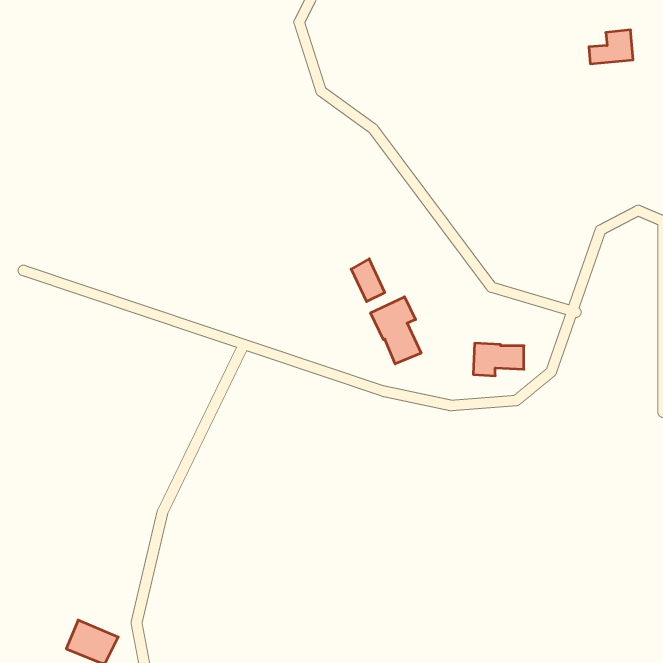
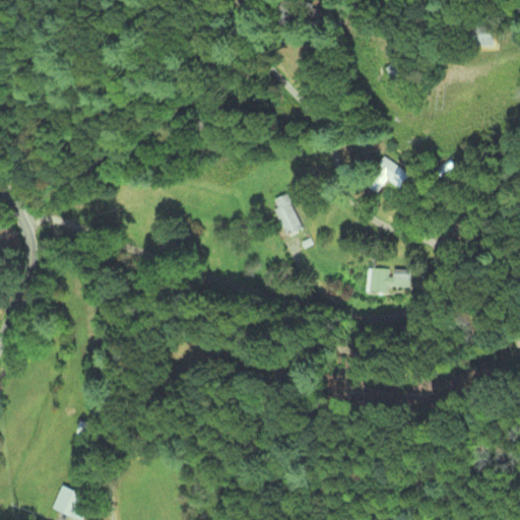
building: none -> [367,158,410,195]
building: [371,297,421,364] -> none

